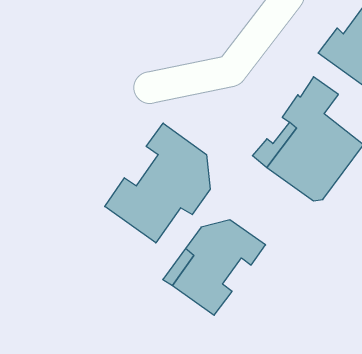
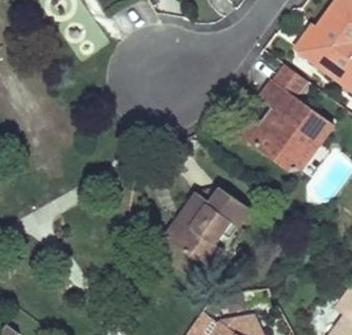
building: [105,123,210,243] -> none

